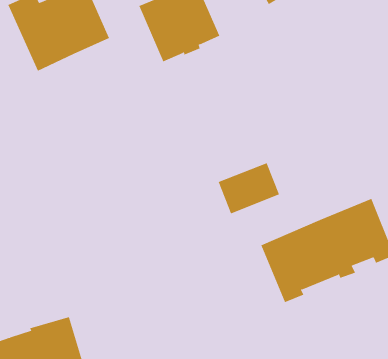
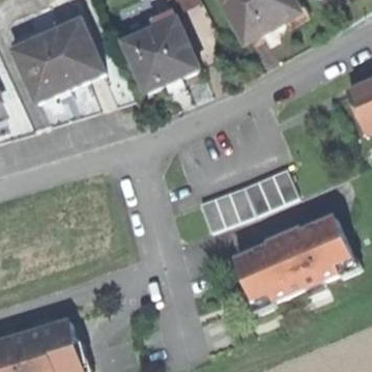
building: none -> [242,166,297,211]

